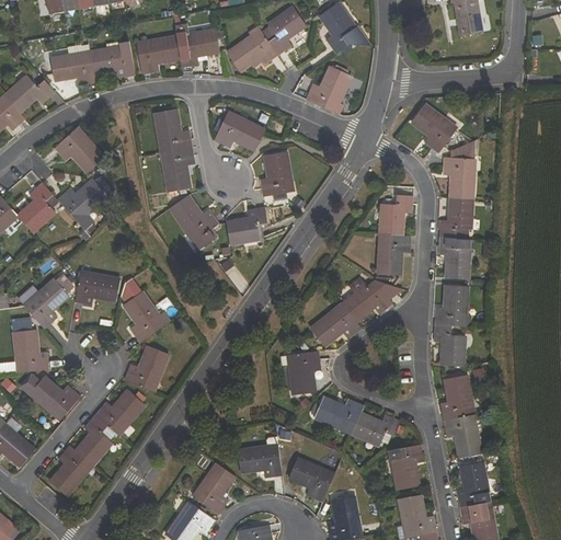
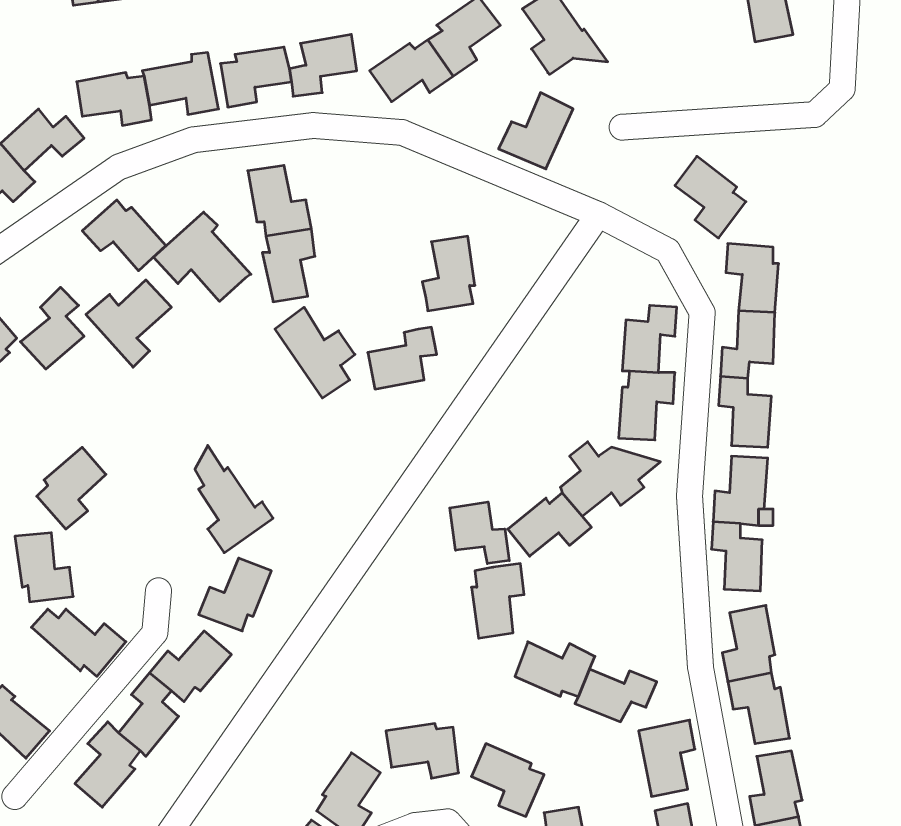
building: [215,116,264,149] -> none
building: none -> [153,212,251,301]
building: [73,273,119,305] -> none
building: none -> [450,502,509,564]

